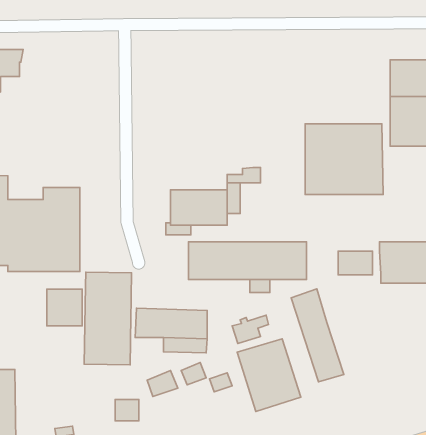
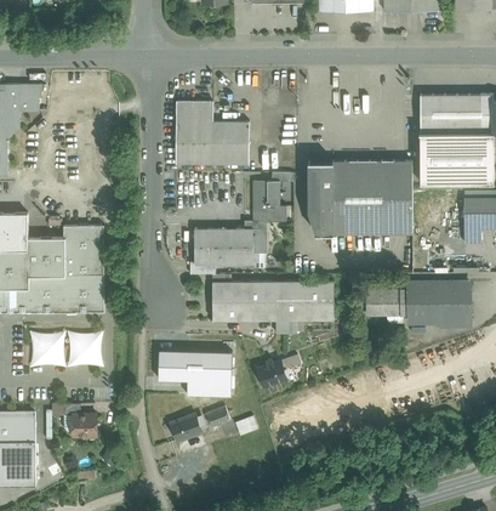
building: none -> [176,101,250,164]
building: none -> [309,161,333,233]
building: none -> [253,181,280,212]
building: [84,272,132,365] -> none
building: [291,289,344,382] -> none
building: none -> [30,330,67,368]
building: [237,339,301,412] -> none
building: [115,400,139,421] -> [73,414,97,436]

